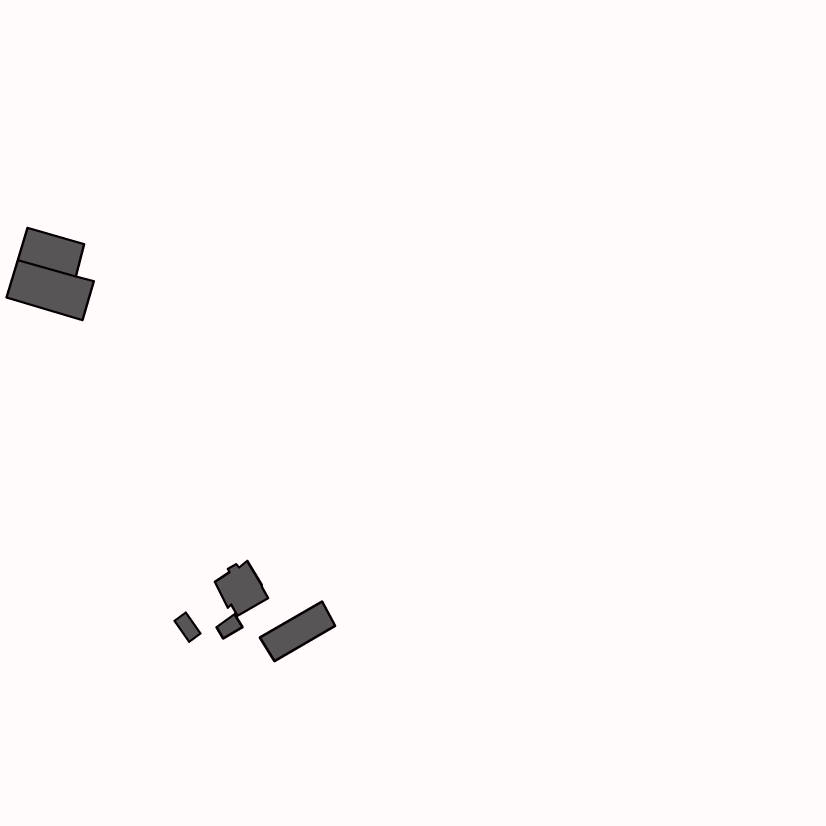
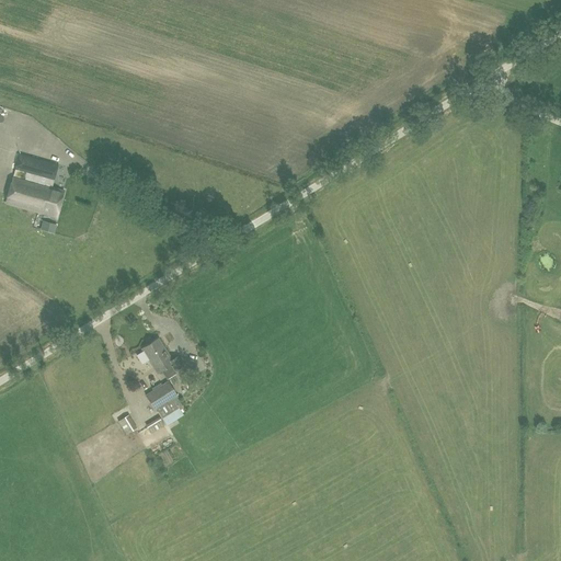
building: none -> [142,337,183,378]
building: [260,601,335,661] -> none

